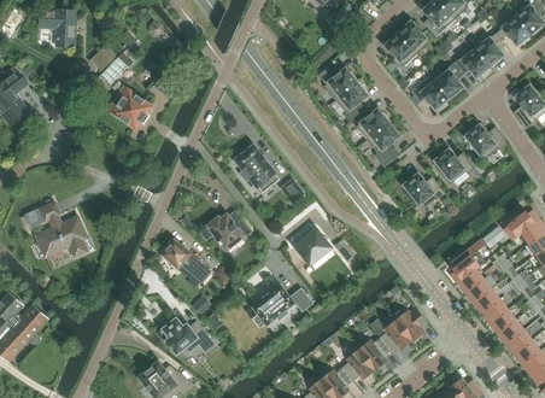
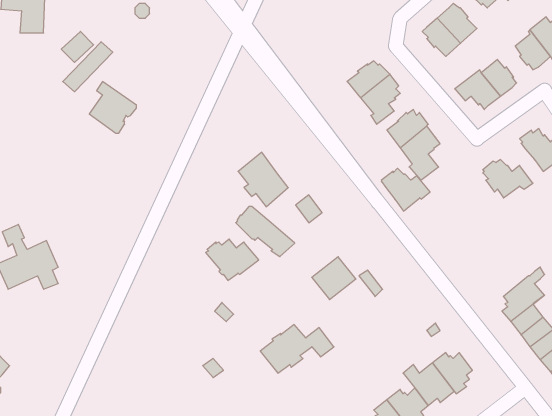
building: [404,174,444,209] -> [381,168,430,211]
building: [162,240,210,281] -> [236,206,295,257]
building: [162,317,211,355] -> none

